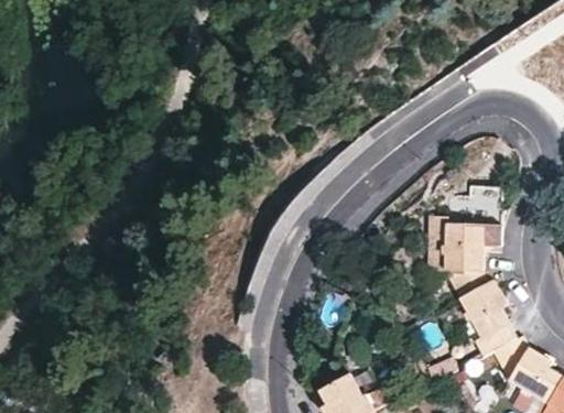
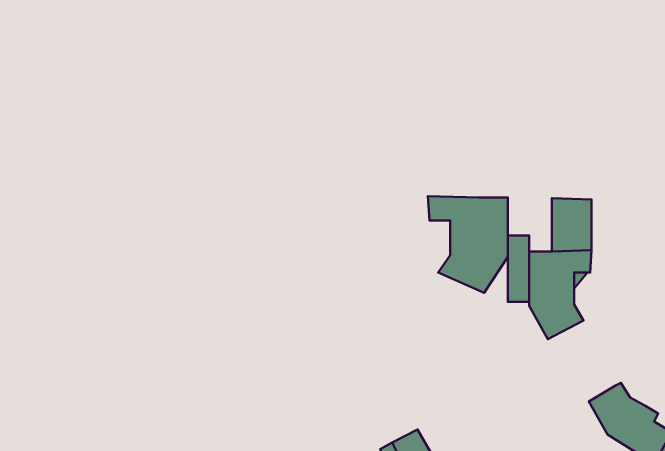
building: none -> [428,196,508,293]
building: [462,283,518,358] -> none

